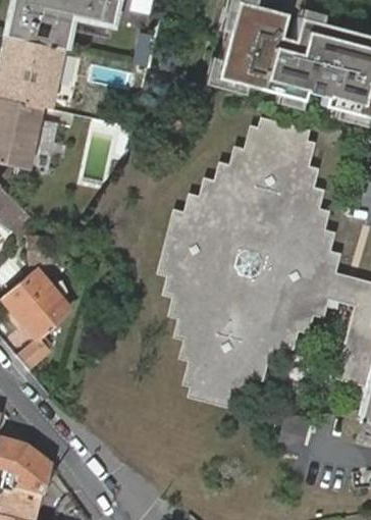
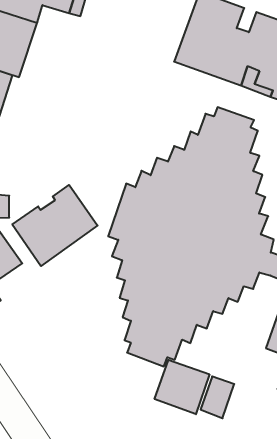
building: none -> [12,185,98,266]
building: none -> [155,360,209,414]

